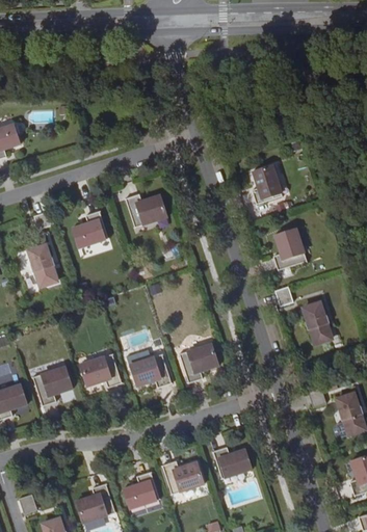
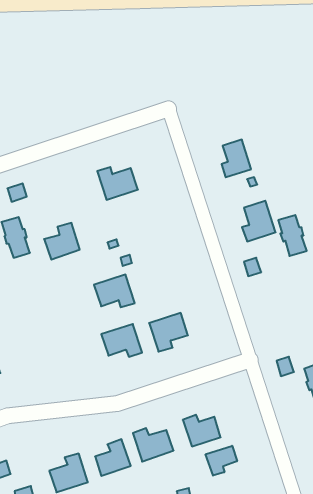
building: [71,210,107,247] -> [44,223,80,260]
building: [303,302,332,344] -> [278,215,307,256]
building: [79,352,121,385] -> [94,275,135,307]
building: [31,366,71,405] -> none
building: none -> [206,446,237,476]

